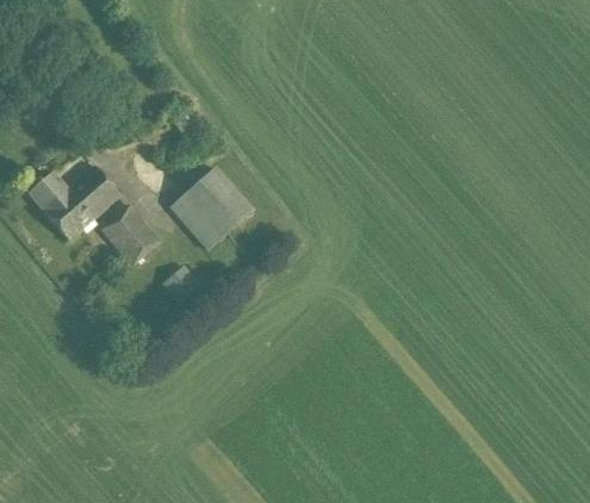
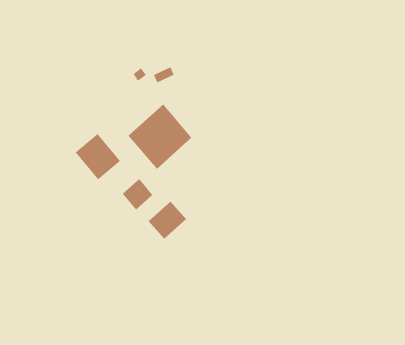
building: [27,164,120,240] -> none
building: none -> [148,201,187,240]

